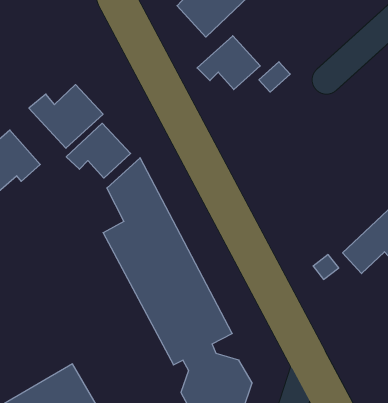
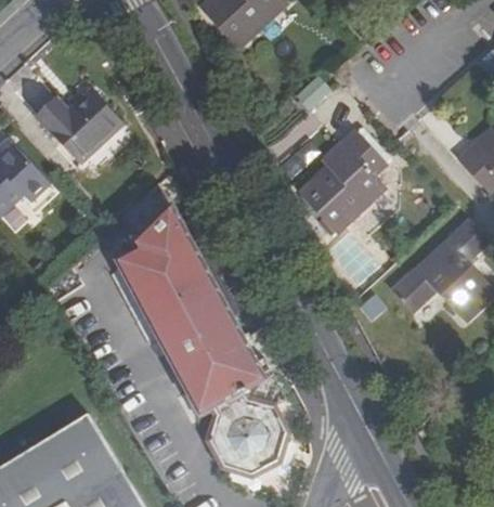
building: [197,36,260,90] -> none
building: none -> [300,127,387,231]
building: [66,123,131,178] -> none

